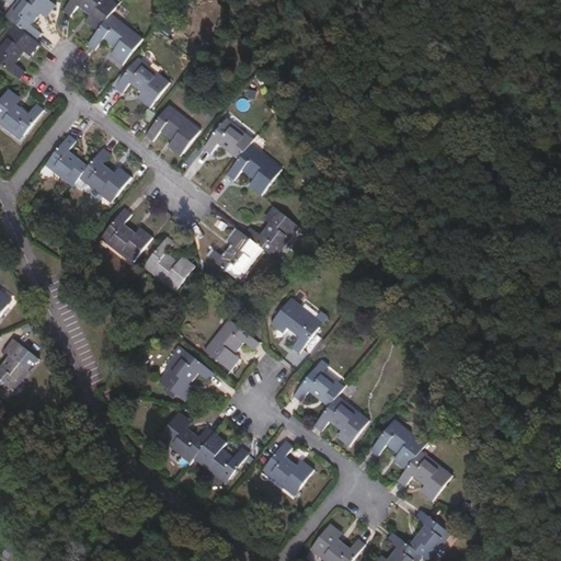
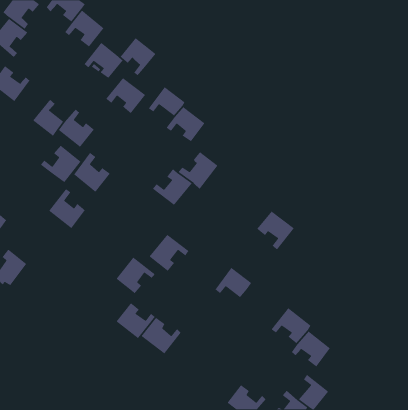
building: none -> [120,37,156,76]
building: none -> [40,145,82,183]
building: [142,236,194,291] -> [48,188,86,229]
building: [270,298,322,353] -> [256,210,295,251]
building: [313,394,368,445] -> none
building: [261,440,313,495] -> none

